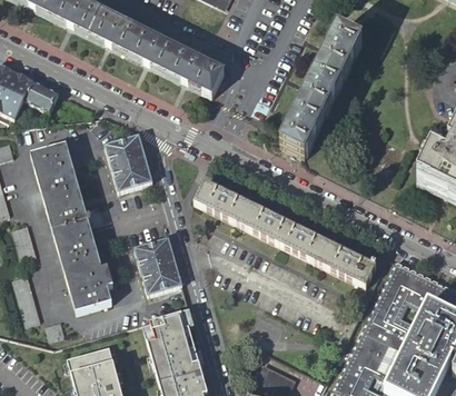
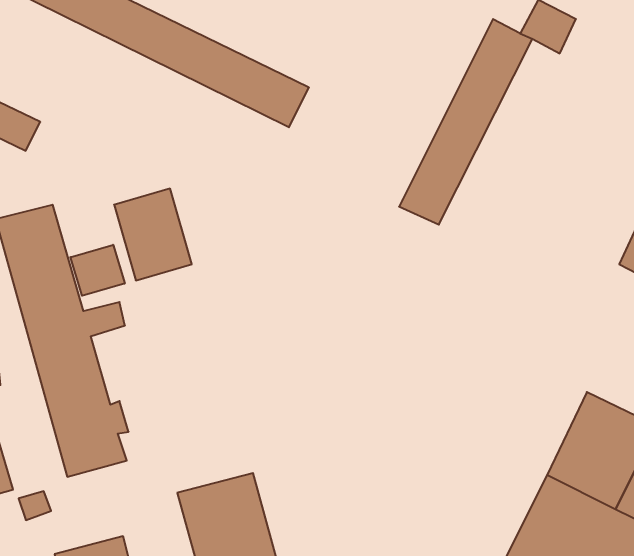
building: none -> [70,245,125,296]
building: [192,178,376,284] -> none
building: [133,235,181,291] -> none

